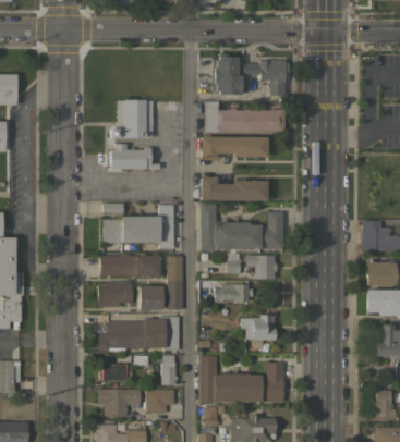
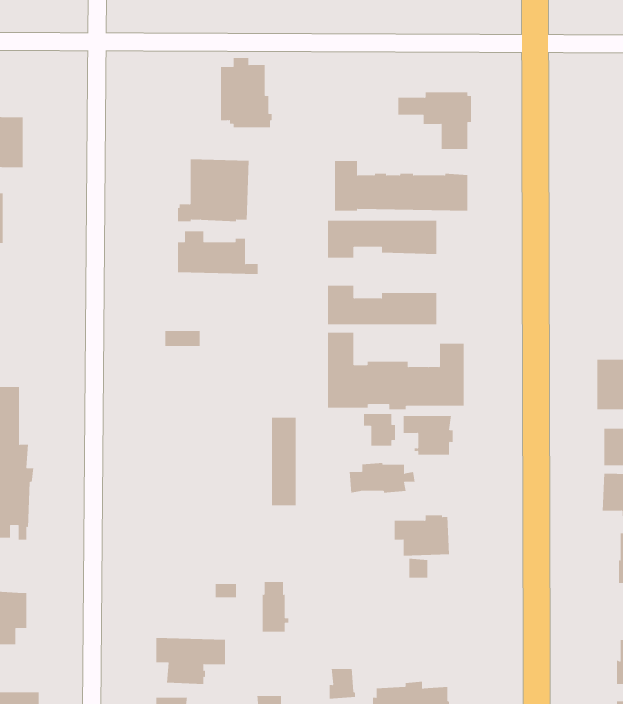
building: [211,53,243,96] -> [220,57,273,128]
building: [102,205,174,249] -> none
building: [100,254,160,279] -> none
building: [98,282,132,307] -> none
building: [138,286,162,311] -> none
building: [98,317,179,352] -> none
building: [198,355,283,403] -> none
building: [102,364,132,381] -> none
building: [143,390,174,413] -> none

